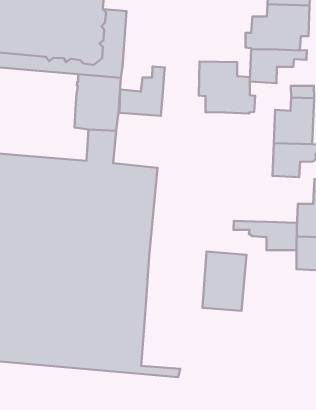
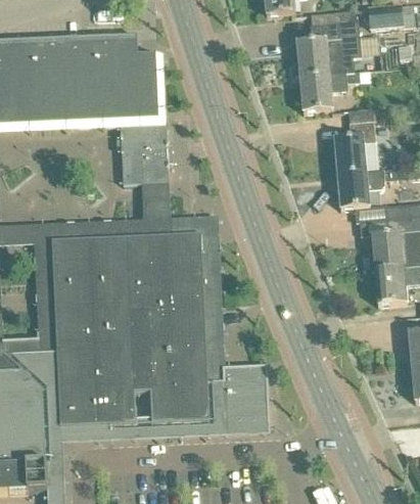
building: [199,61,255,113] -> none
building: [119,67,165,116] -> none
building: [234,221,297,250] -> none
building: [202,252,246,311] -> [223,366,268,428]

